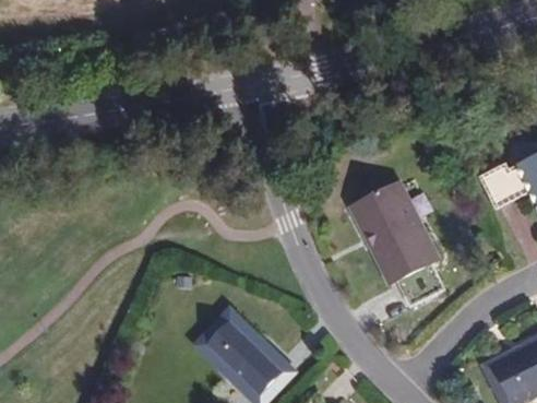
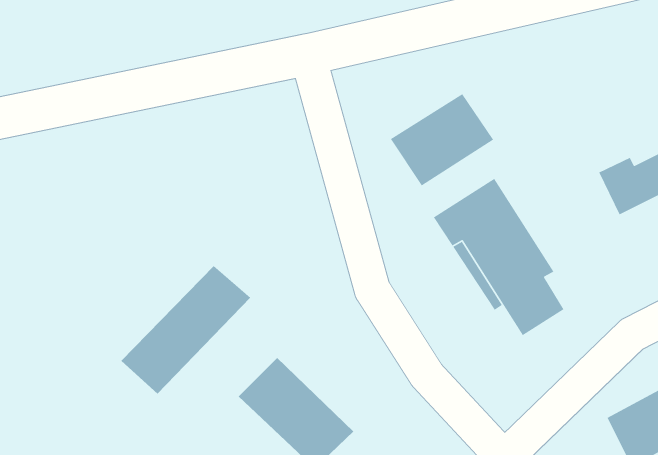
building: none -> [390,93,494,187]
building: none -> [121,265,251,395]

